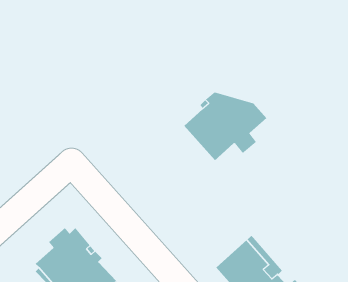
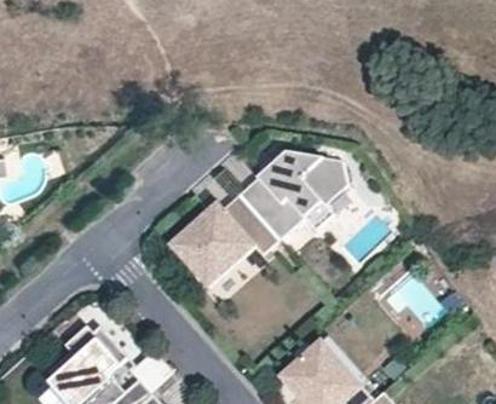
building: none -> [171,195,278,288]

